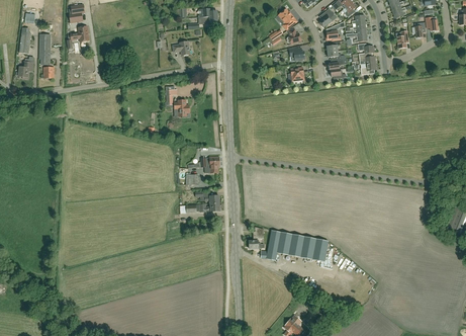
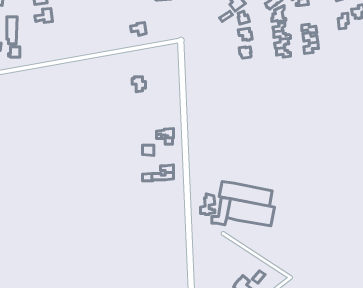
building: none -> [219,181,272,206]

